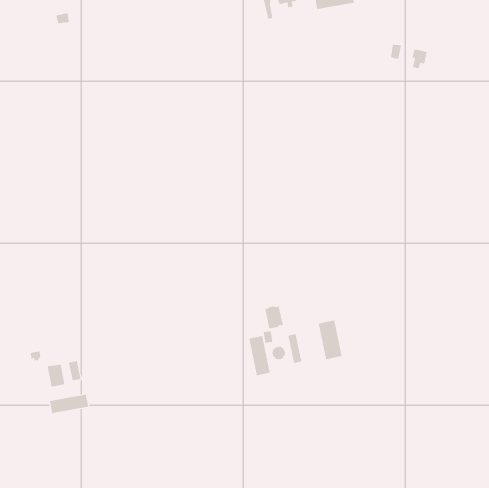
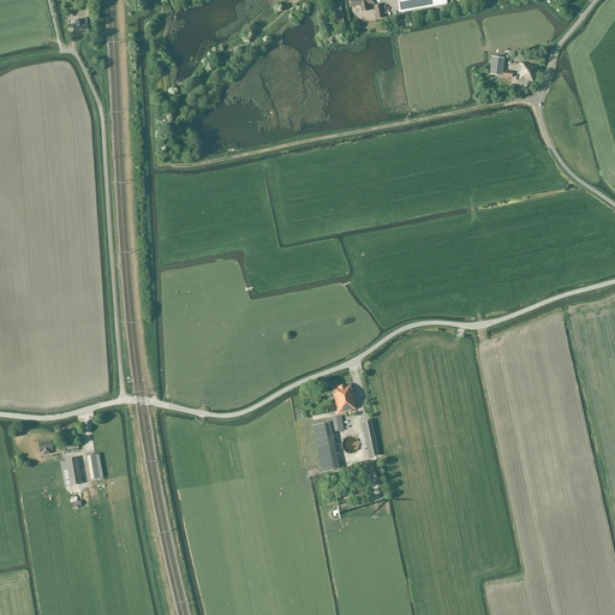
building: [318,320,342,360] -> none
building: [49,394,89,414] -> none

